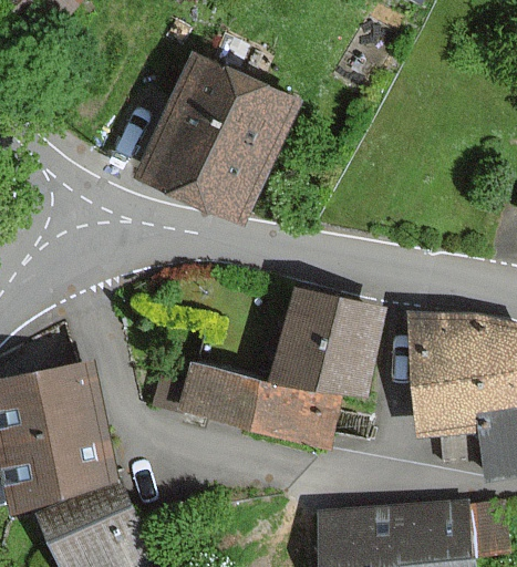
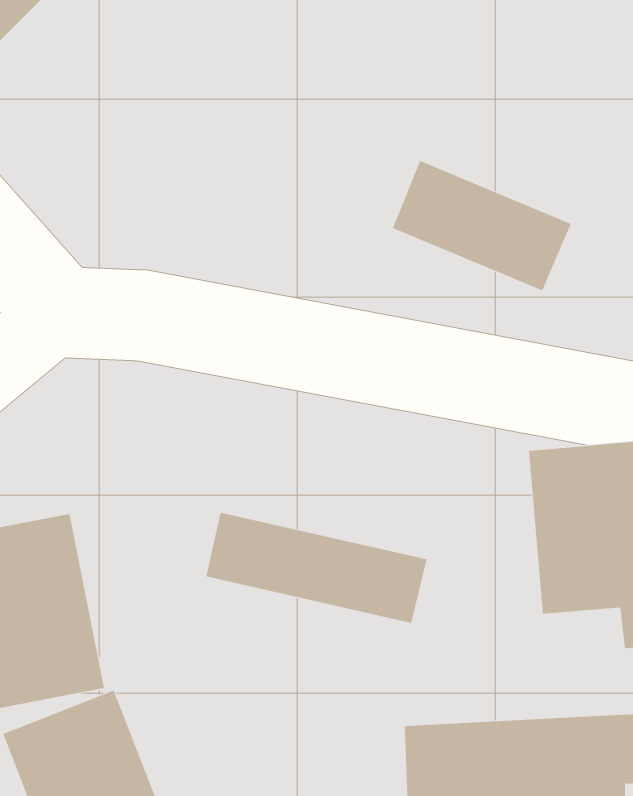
building: [139,53,297,217] -> none
building: none -> [392,160,571,291]
building: [272,286,381,393] -> none

